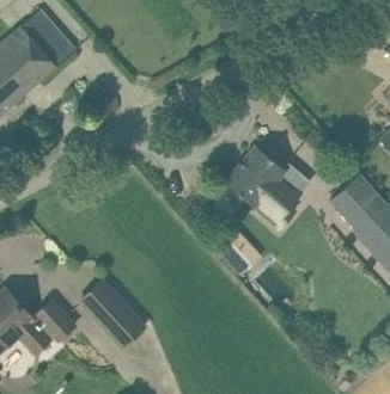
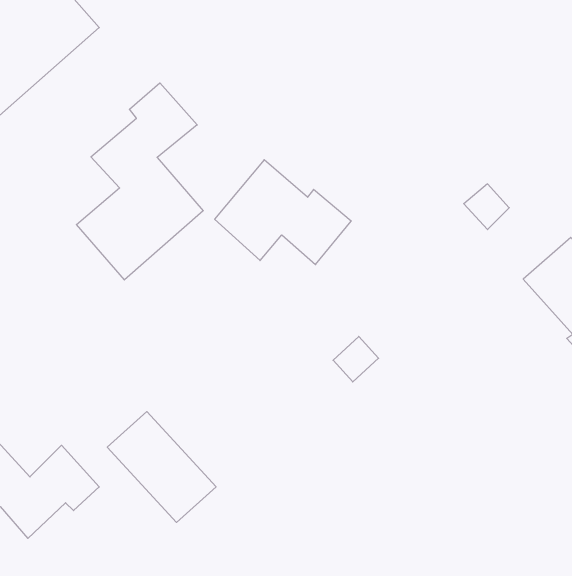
building: none -> [76,83,203,280]
building: [227,144,310,208] -> [215,160,351,265]

